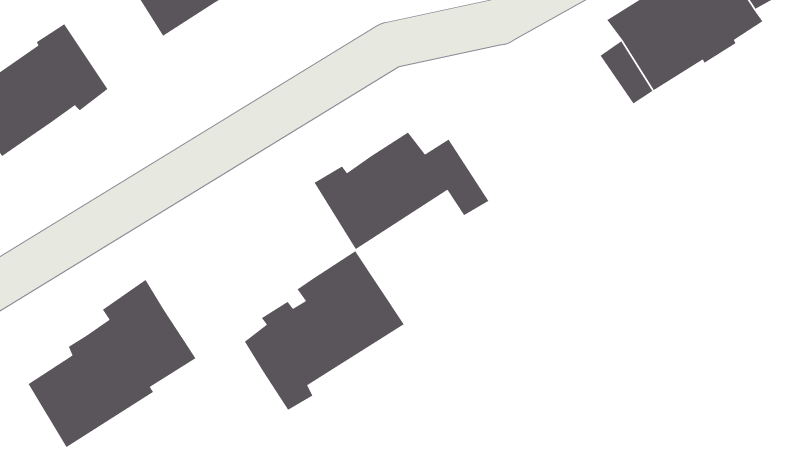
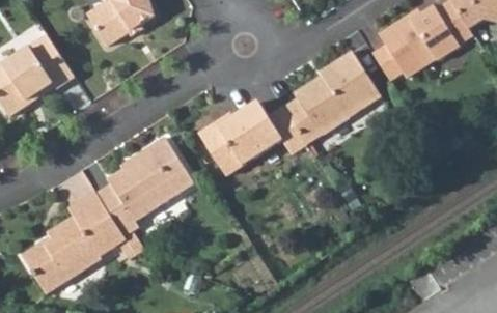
building: none -> [282,51,381,144]
building: [244,250,405,411] -> [96,136,195,234]

